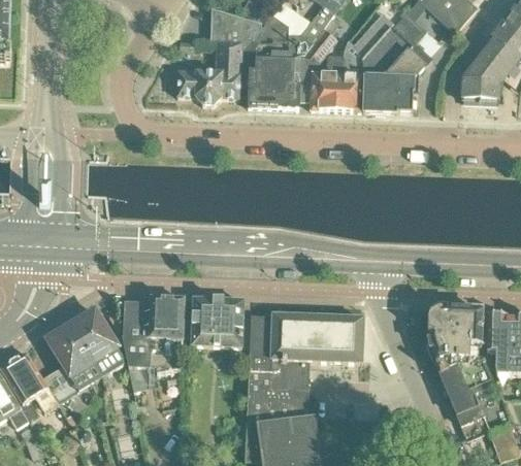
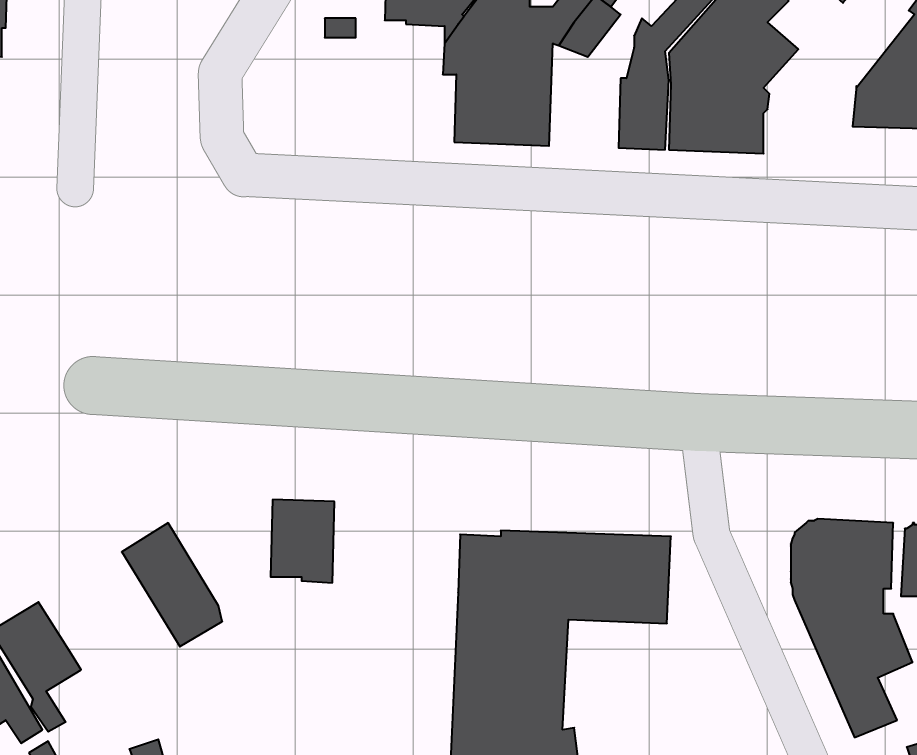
building: [177,40,242,103] -> none
building: [311,54,344,108] -> none
building: [122,295,183,389] -> none
building: [191,297,251,346] -> none
building: [43,324,101,401] -> none

